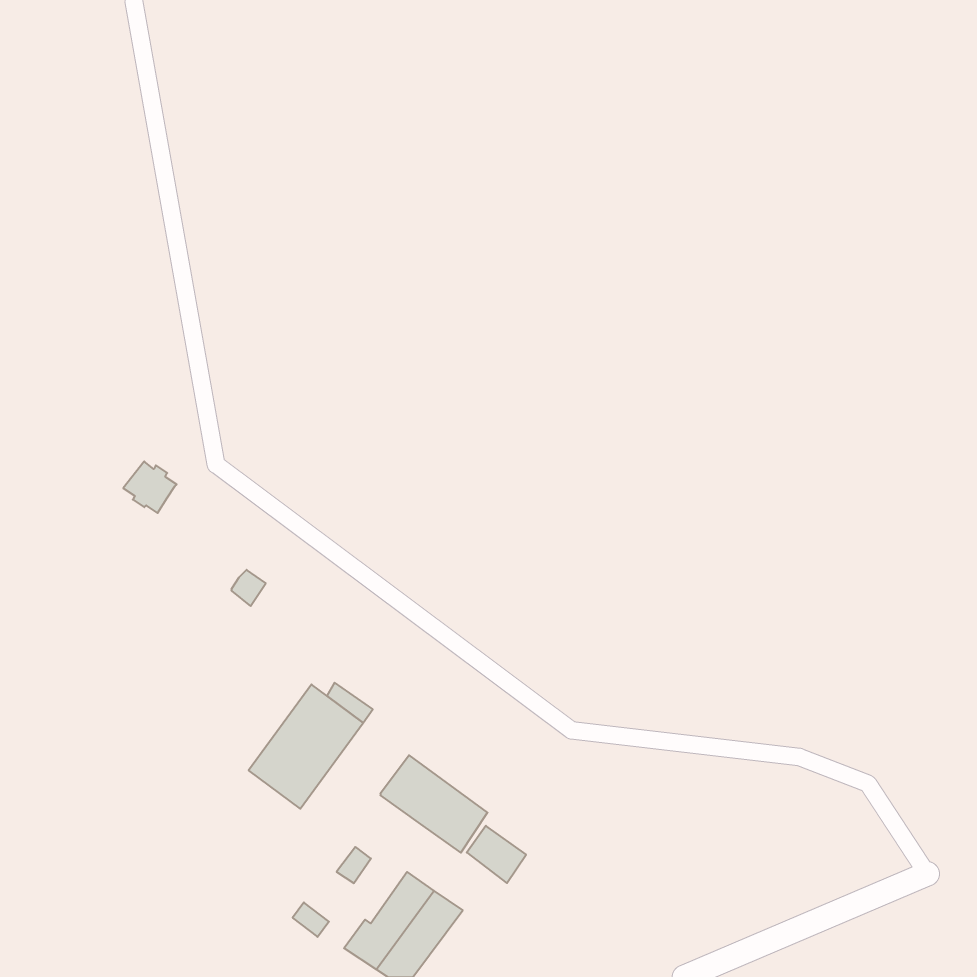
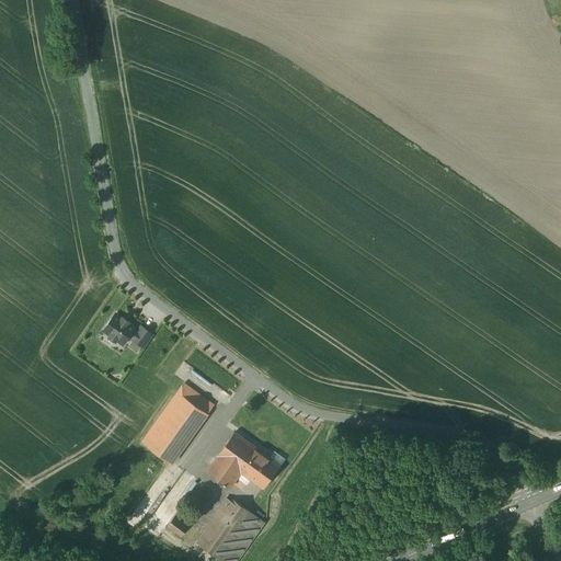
building: [123,461,177,513] -> [104,314,135,344]
building: [467,826,526,883] -> [207,456,241,489]

